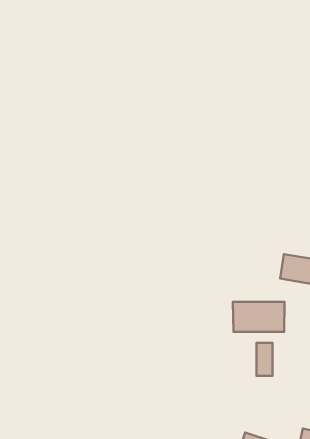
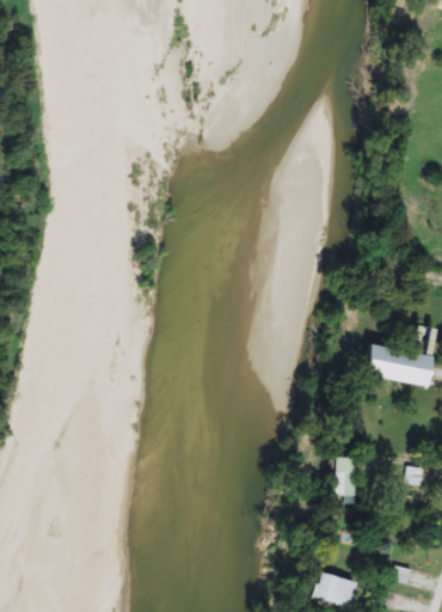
building: [233,302,285,332] -> none

